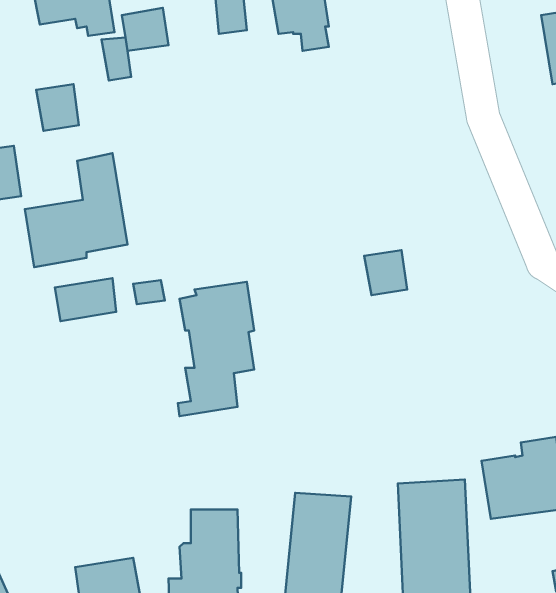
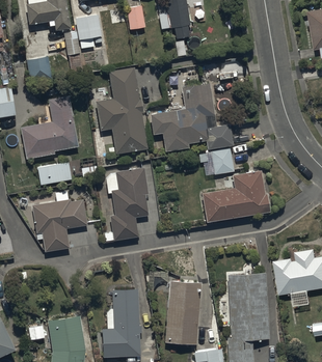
building: none -> [95,65,145,152]
building: none -> [149,81,232,148]
building: none -> [200,169,269,220]
building: none -> [32,194,87,253]

